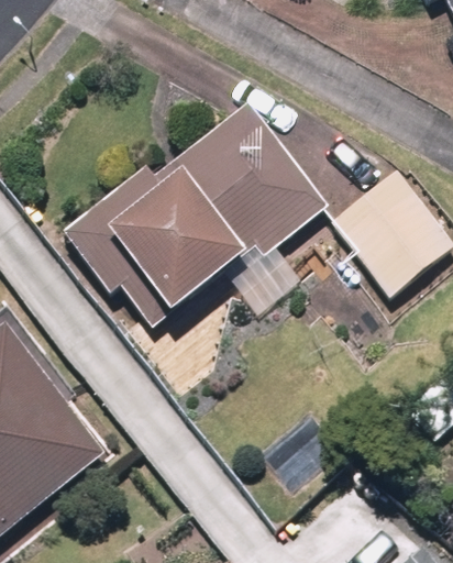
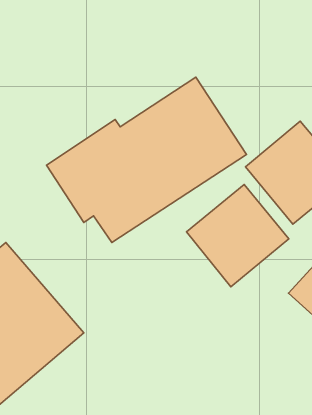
building: none -> [186,184,289,287]

